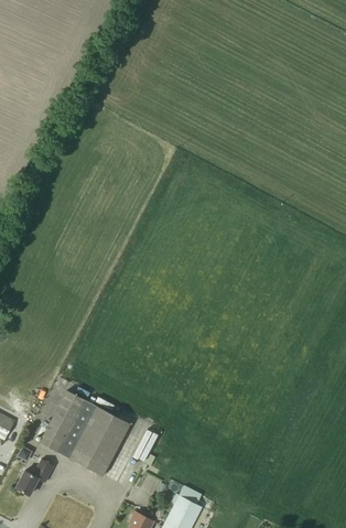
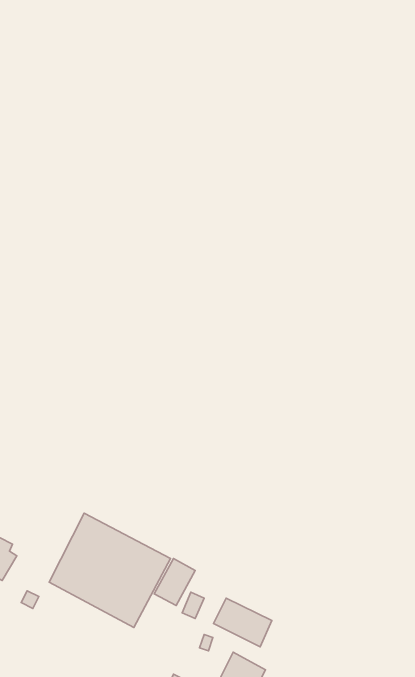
building: none -> [213,598,272,647]
building: [17,459,53,495] -> none

